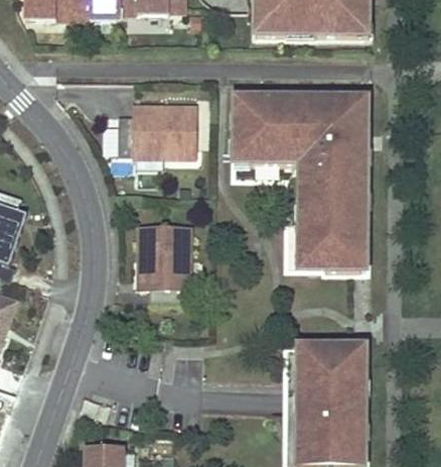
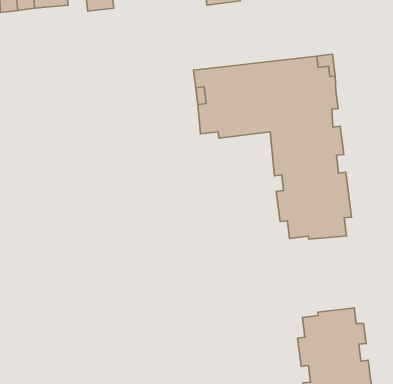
building: [119,105,195,156] -> none
building: [139,226,190,304] -> none

